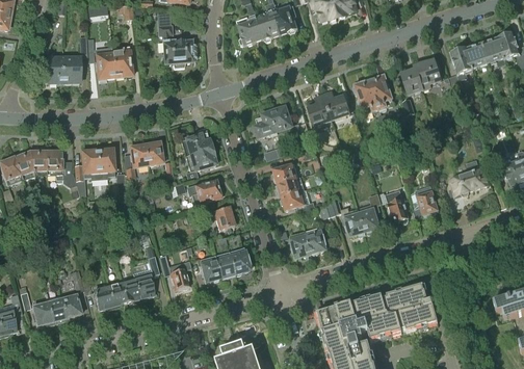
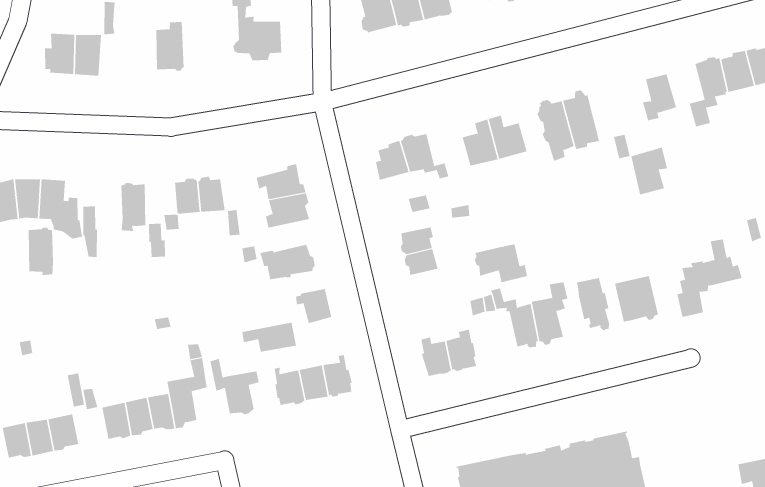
building: [95,47,114,78] -> none
building: [400,62,424,94] -> [630,147,668,195]
building: [81,149,99,179] -> [28,227,54,276]
building: [281,187,315,212] -> [474,244,528,283]
building: none -> [242,322,296,353]

